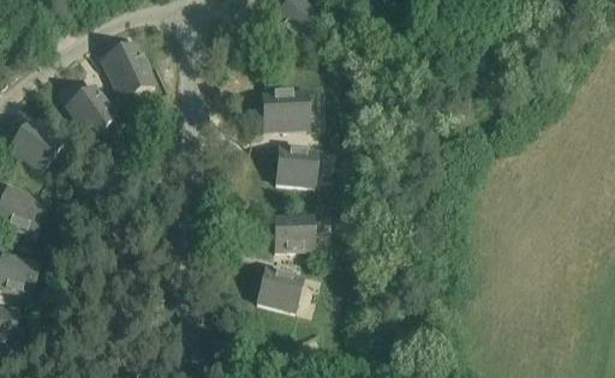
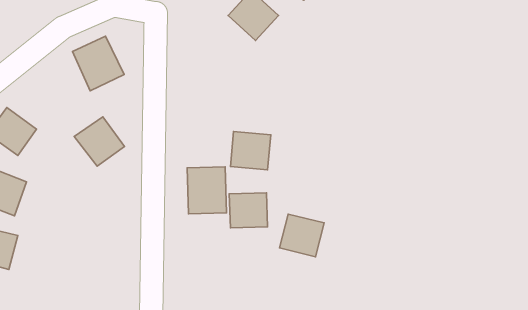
building: [64,84,119,138] -> [74,117,125,166]
building: [259,88,310,130] -> none
building: none -> [187,167,226,214]
building: [255,265,304,312] -> [279,214,324,257]

